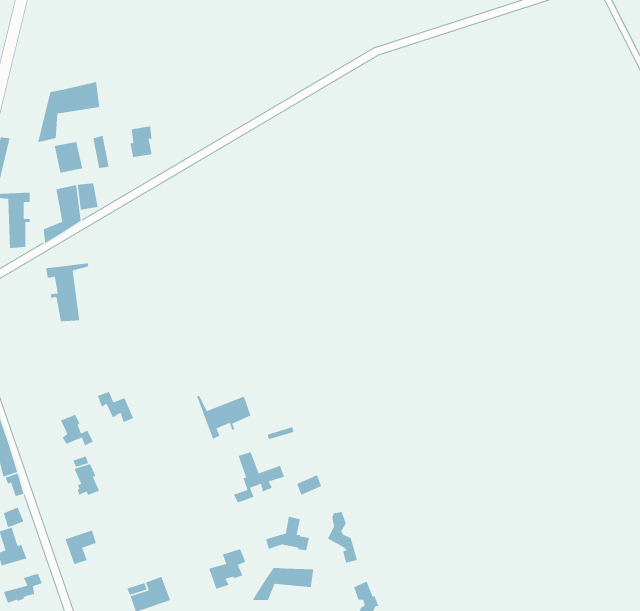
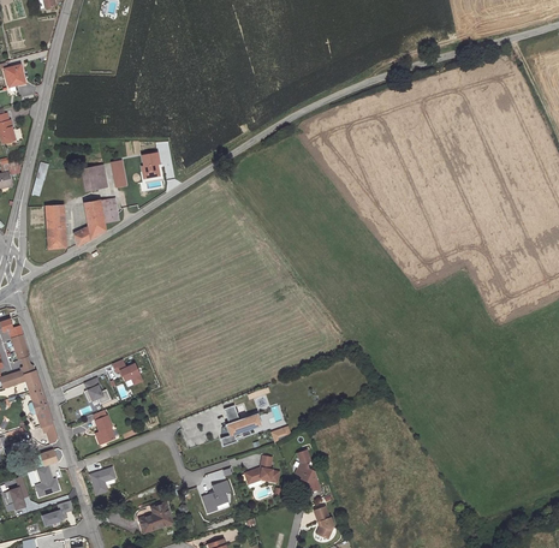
building: [37,81,100,143] -> none
building: [45,262,89,322] -> none
building: [196,395,252,440] -> none
building: [251,567,314,601] -> none

